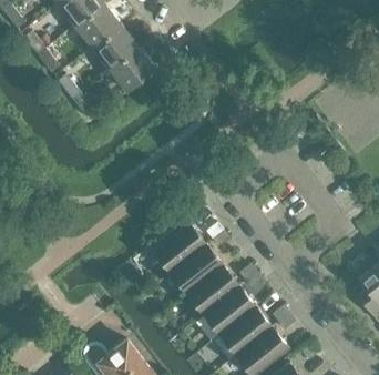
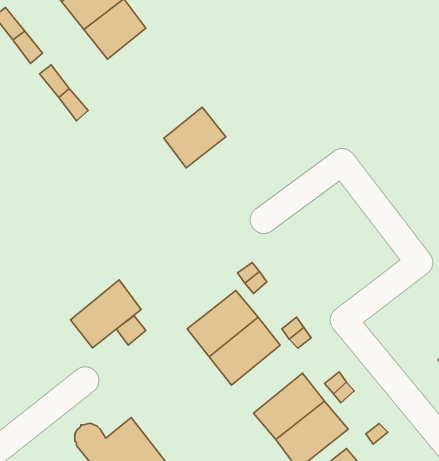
building: [109,47,155,92] -> [164,107,226,168]
building: [152,222,205,273] -> [70,280,141,348]
building: [202,285,255,336] -> none

